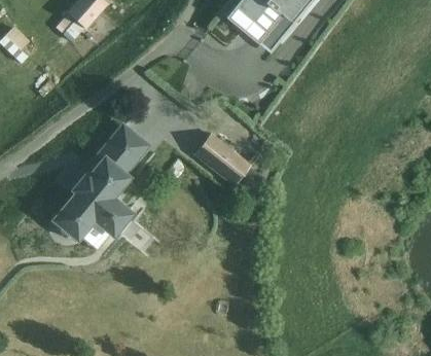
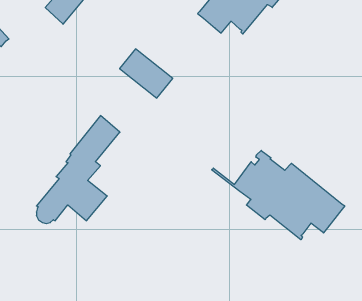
building: [195,134,251,185] -> [120,49,173,98]
building: none -> [212,150,345,240]

